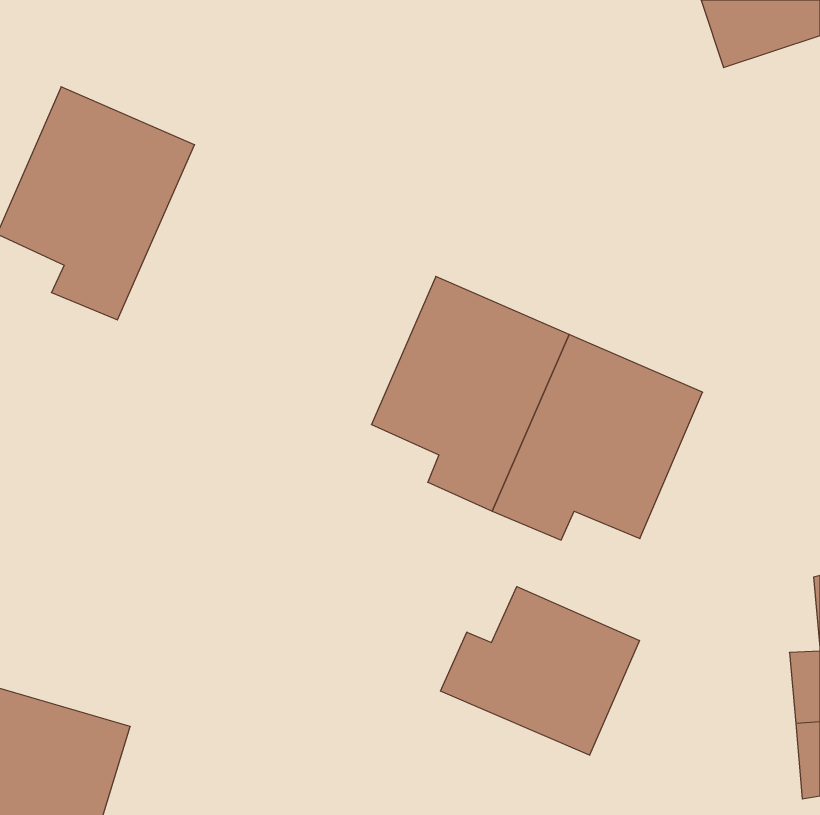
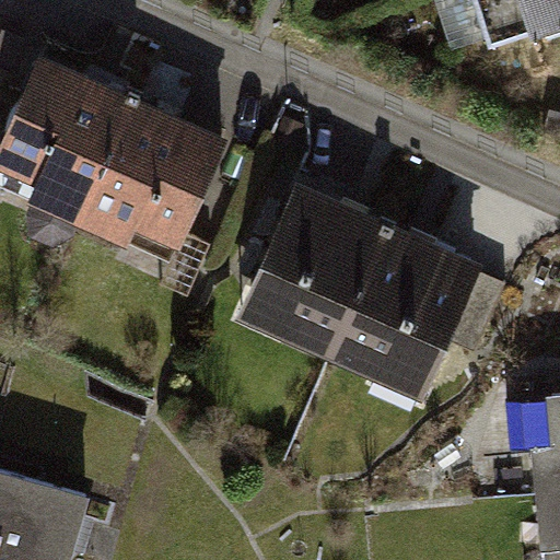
building: none -> [80,103,223,243]
building: [440,587,639,755] -> none

